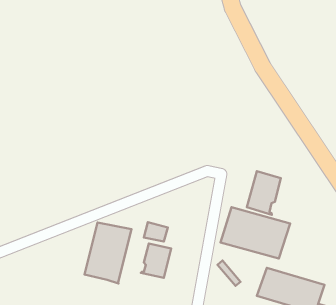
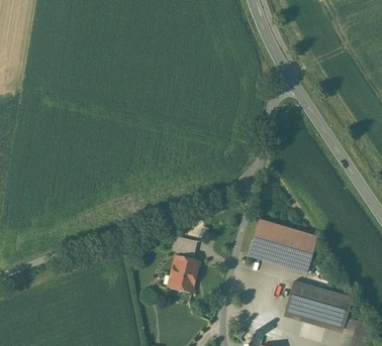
building: [247,171,281,215] -> none
building: [85,222,132,283] -> none

